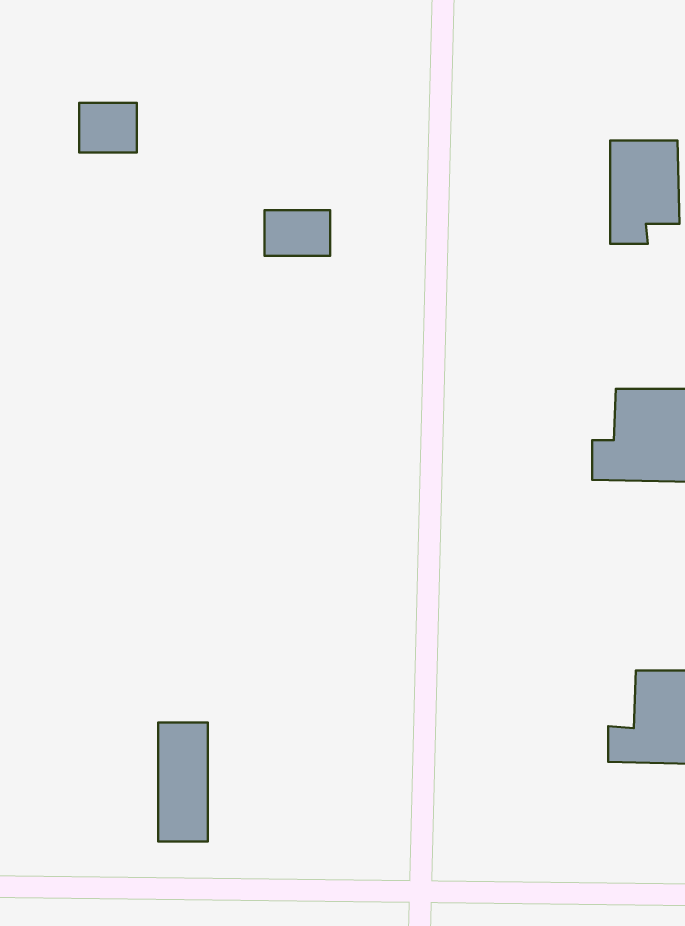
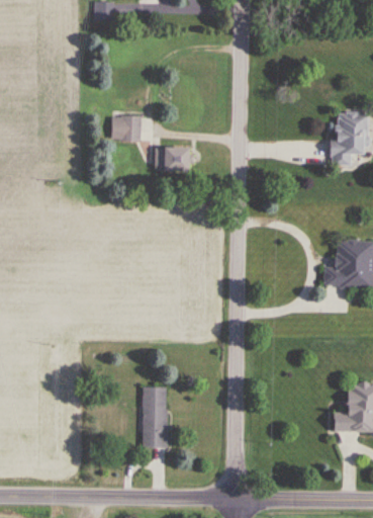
building: [79,103,137,153] -> [112,115,142,141]
building: [158,723,208,842] -> [143,386,168,447]

